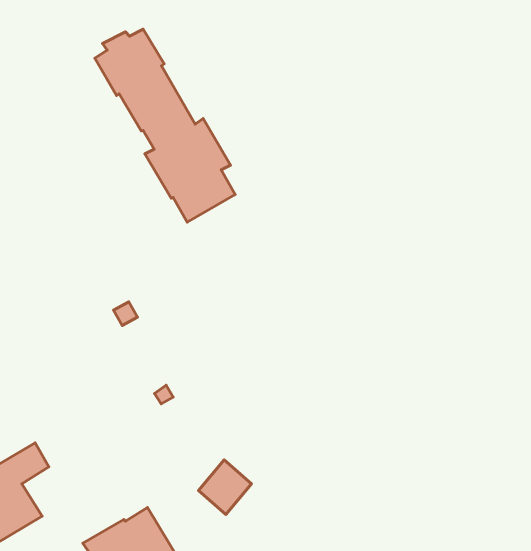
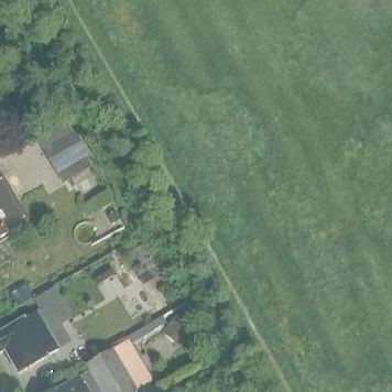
building: [95,29,235,222] -> none
building: none -> [42,126,89,170]

